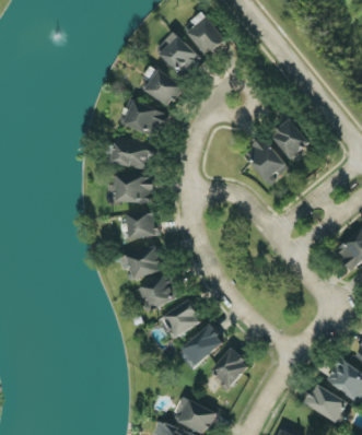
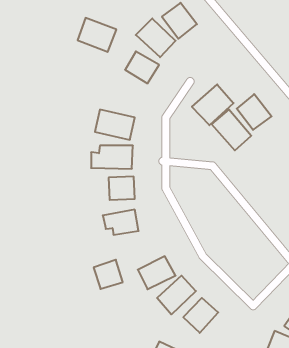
building: [125,101,168,139] -> [78,18,116,52]
building: none -> [192,84,234,125]
building: [142,277,175,309] -> [94,260,123,289]

